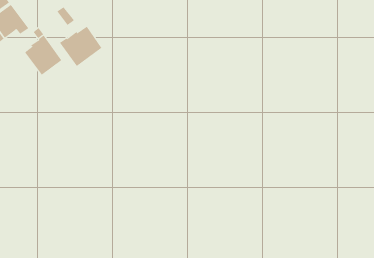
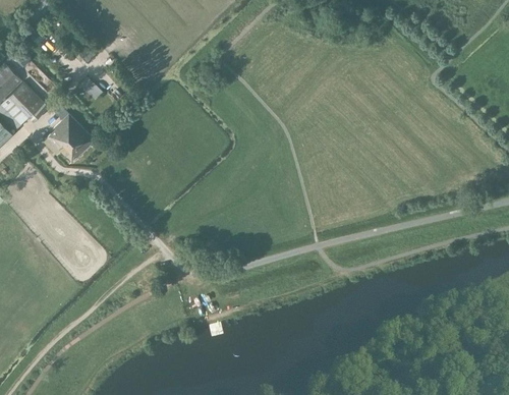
building: [59,26,102,67] -> none

